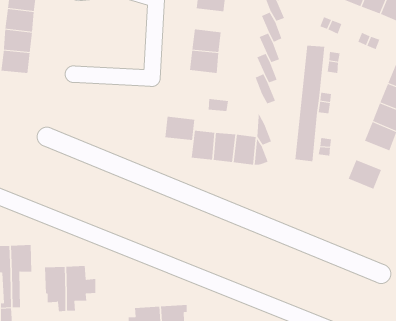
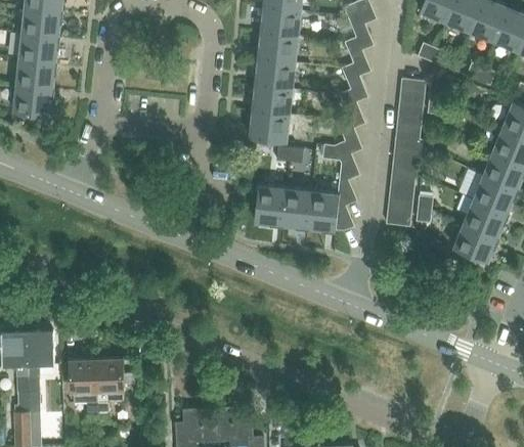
building: none -> [259,34,297,63]
building: none -> [322,141,359,180]
building: [165,116,195,141] -> [250,111,289,142]
building: none -> [464,200,507,237]

